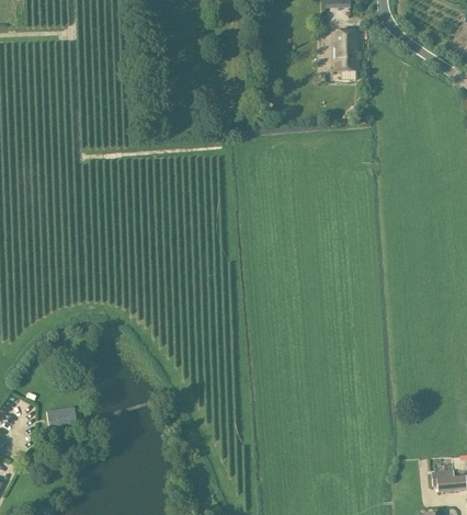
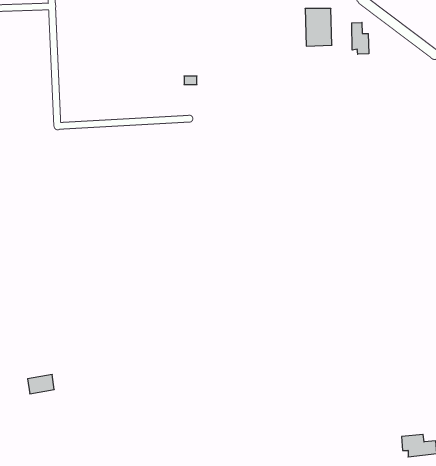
building: none -> [352,22,369,54]

